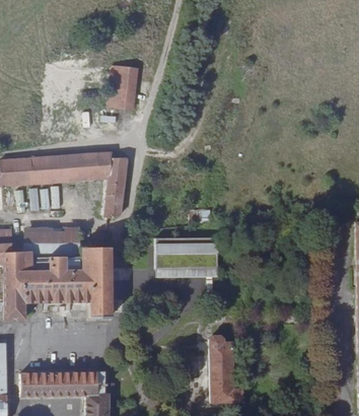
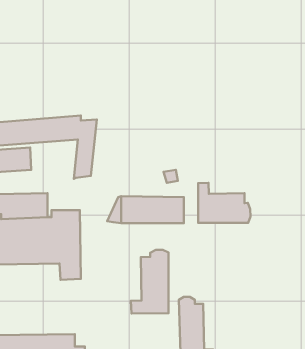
building: [107,65,137,110] -> none
building: none -> [198,183,250,223]
building: none -> [131,250,169,313]

